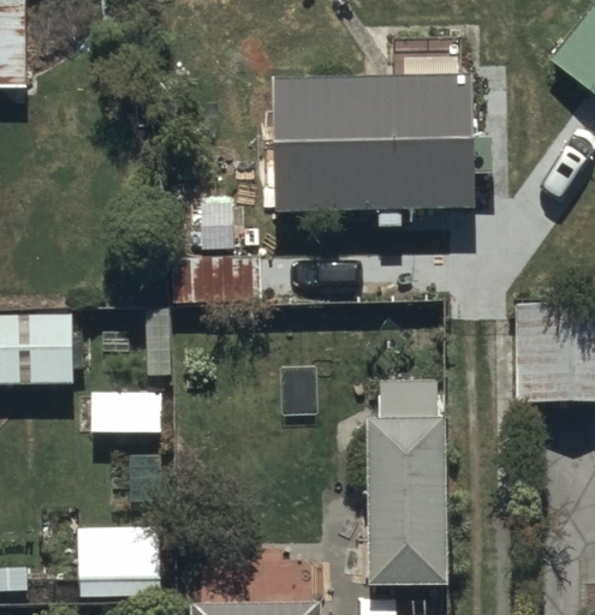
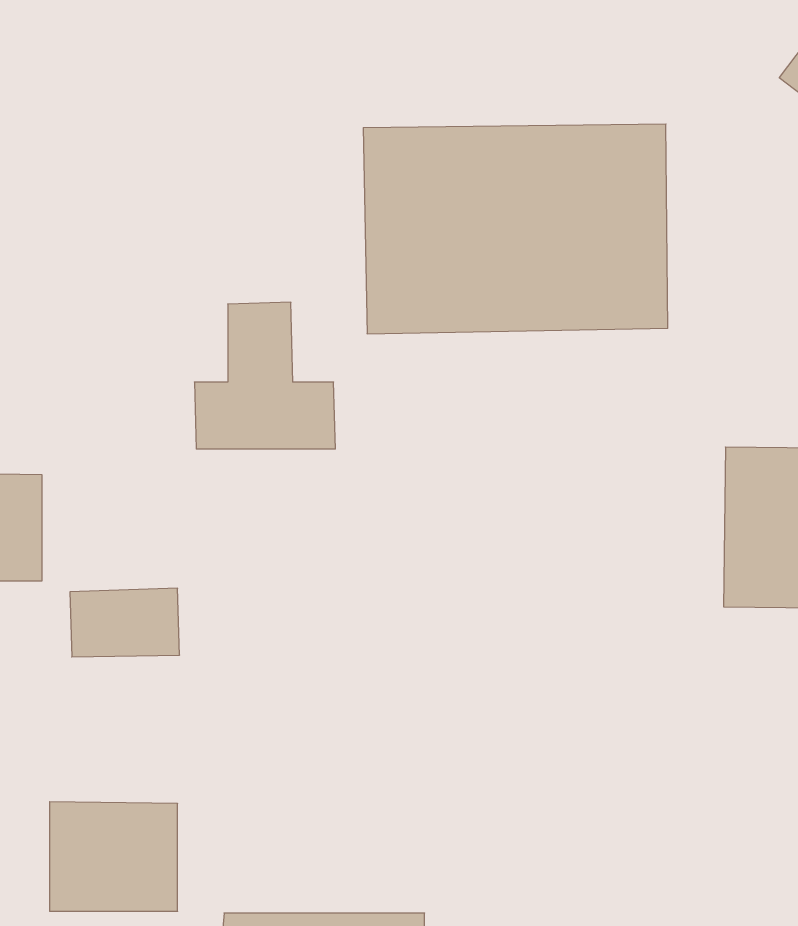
building: [368,384,452,592] -> none

